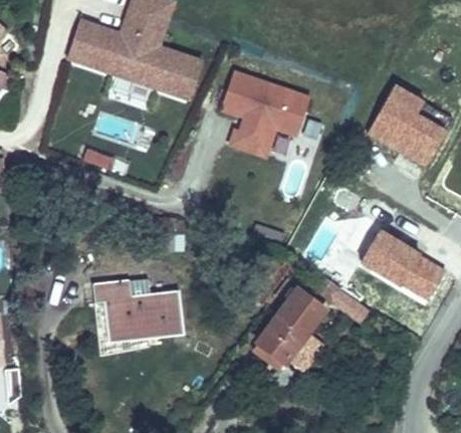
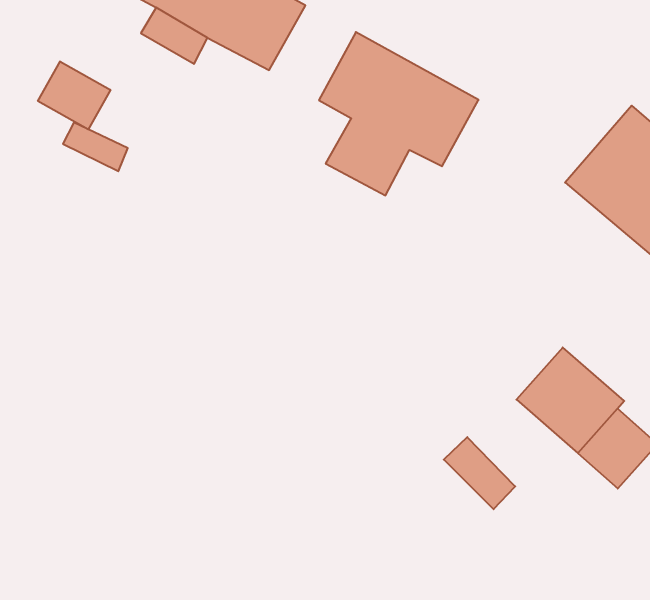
building: none -> [38,61,110,129]
building: [91,278,184,342] -> none
building: [249,282,328,371] -> none

